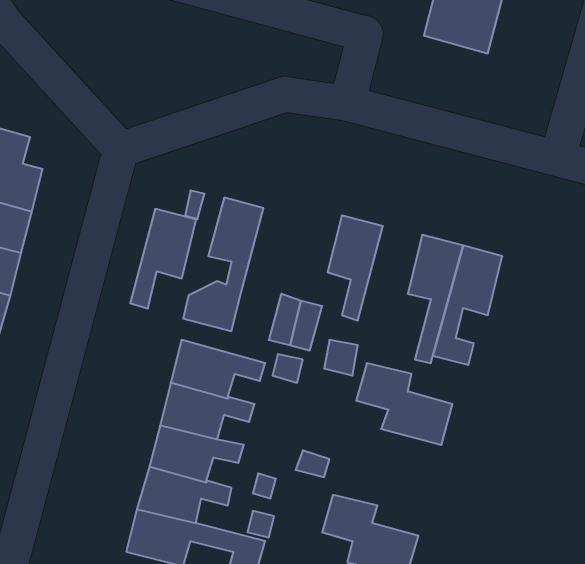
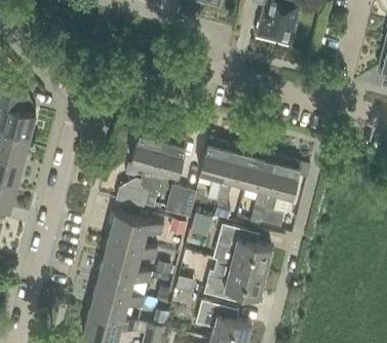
building: [130,209,196,309] -> [148,136,186,193]
building: none -> [217,146,254,202]
building: none -> [204,263,265,300]

